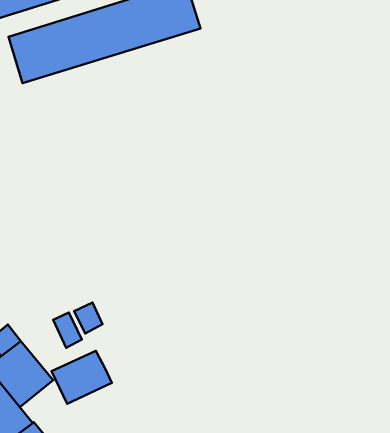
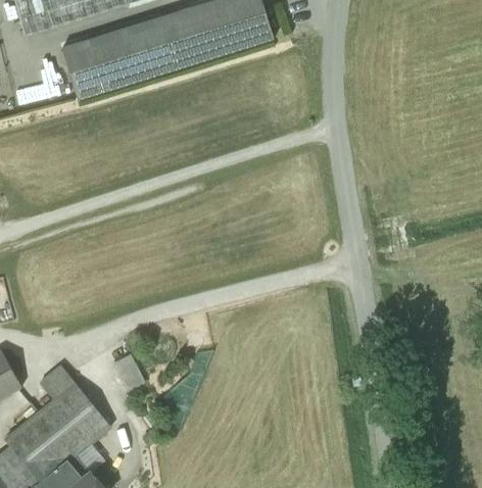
building: [74,303,102,333] -> none
building: [52,351,112,404] -> none

